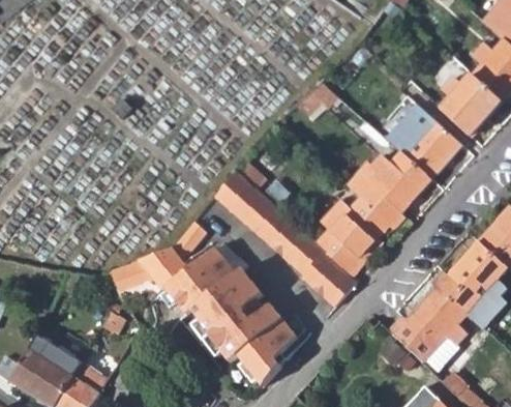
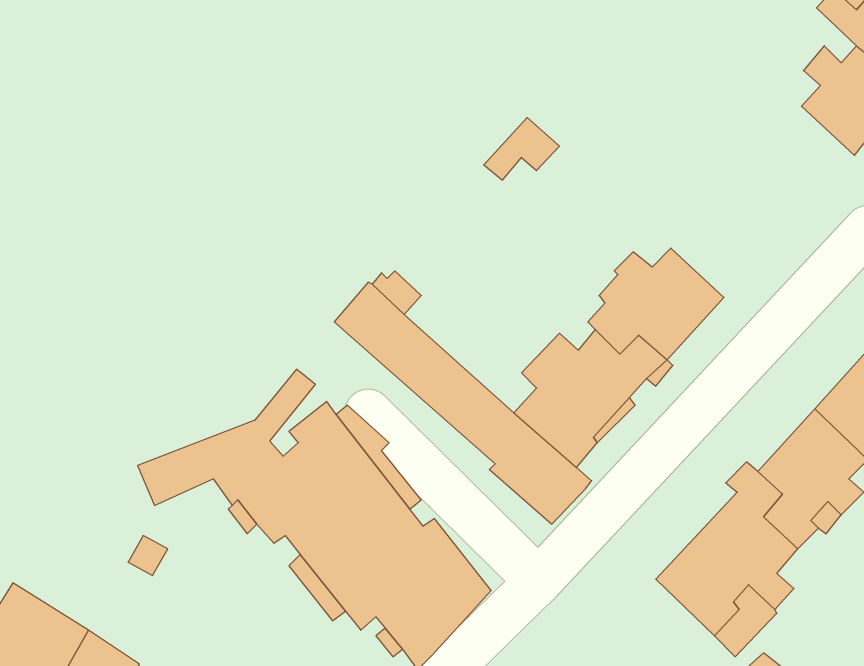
building: [440,76,501,137] -> none
building: [385,120,460,180] -> none

